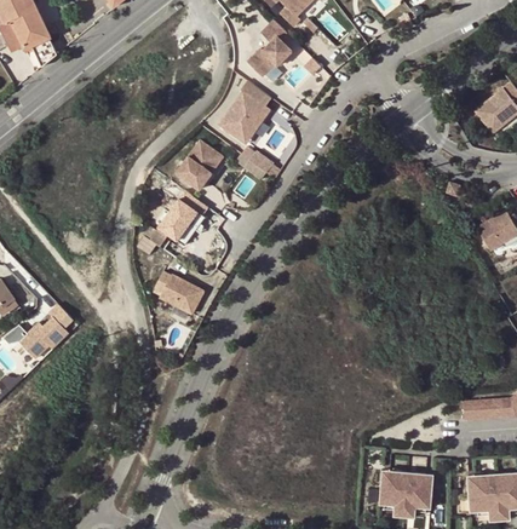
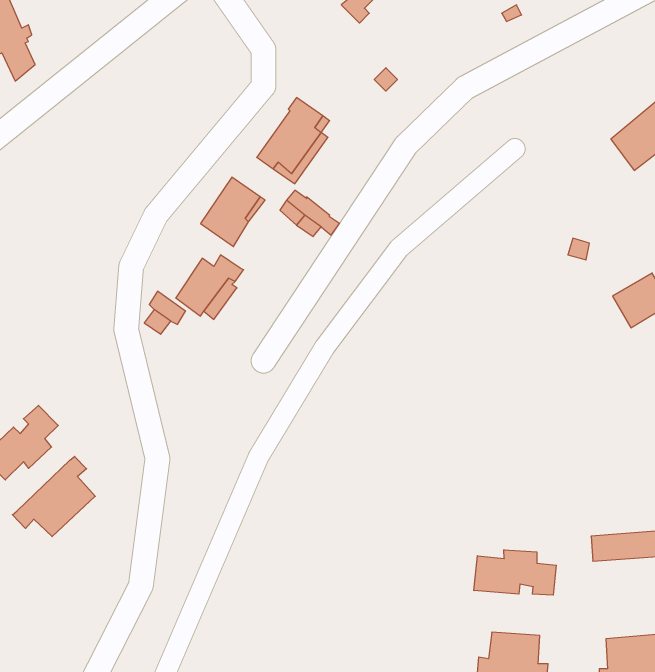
building: [246,19,292,76] -> none
building: [154,270,203,312] -> none
building: none -> [12,456,95,537]
building: none -> [474,550,556,595]

